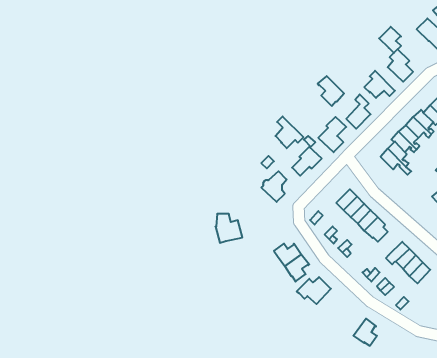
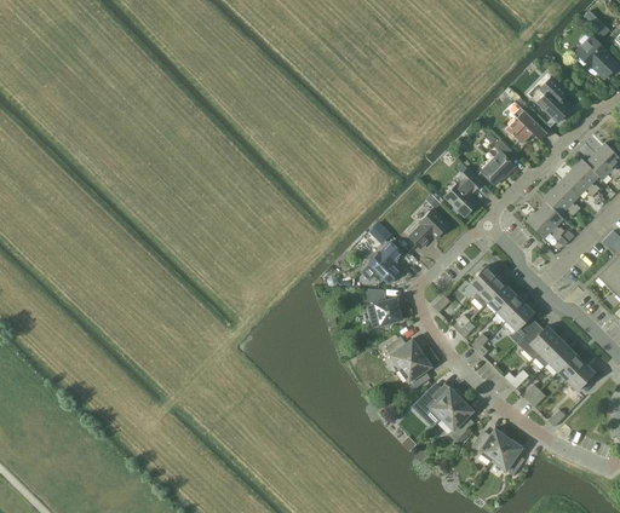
building: [379,27,401,53] -> none
building: [318,76,344,106] -> none
building: [275,116,303,148] -> none
building: [215,214,242,243] -> [366,288,402,327]
building: none -> [516,322,557,358]
building: none -> [442,398,473,444]
building: none -> [472,428,509,461]

